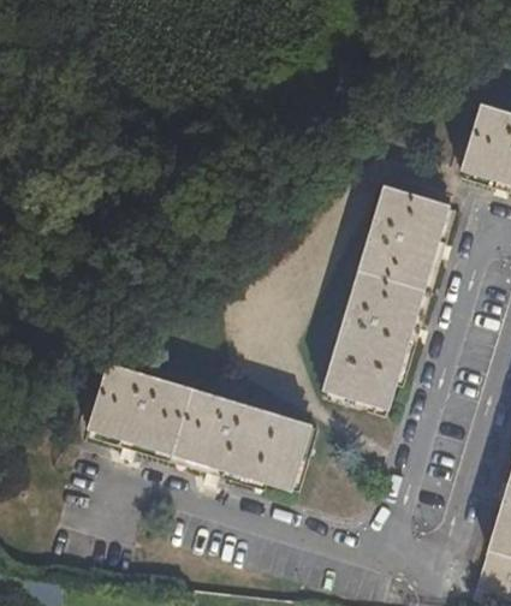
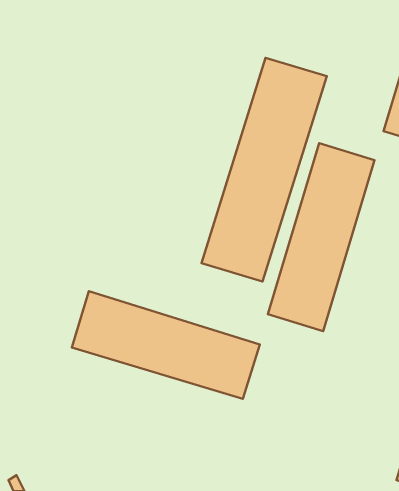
building: none -> [201,58,327,282]

